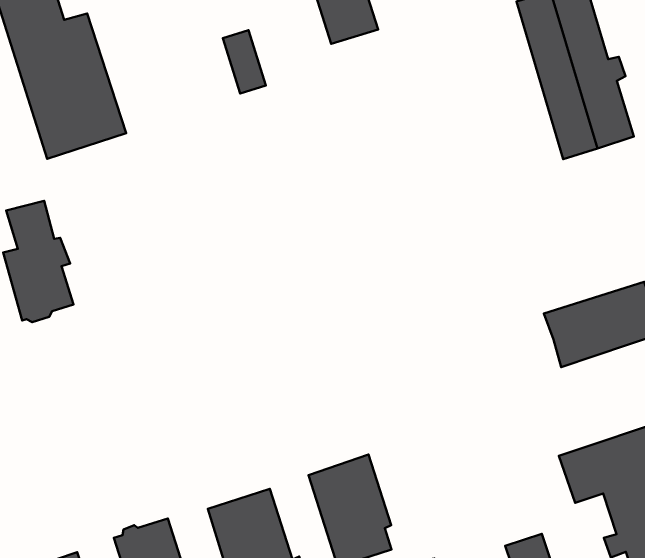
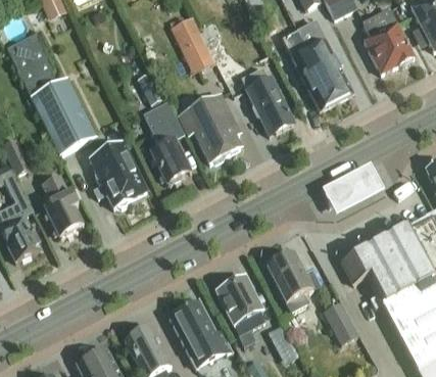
building: none -> [247,77,293,134]
building: none -> [144,100,190,181]
building: none -> [180,95,239,161]
building: none -> [91,144,147,208]
building: none -> [267,252,320,312]

